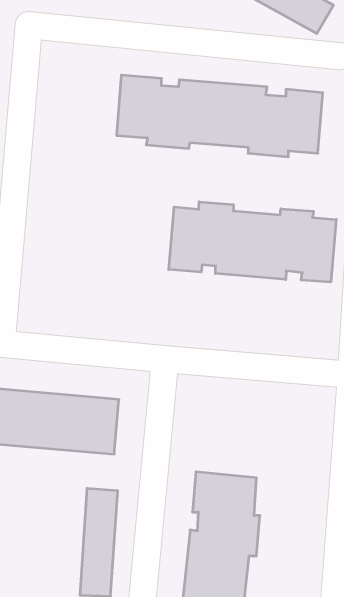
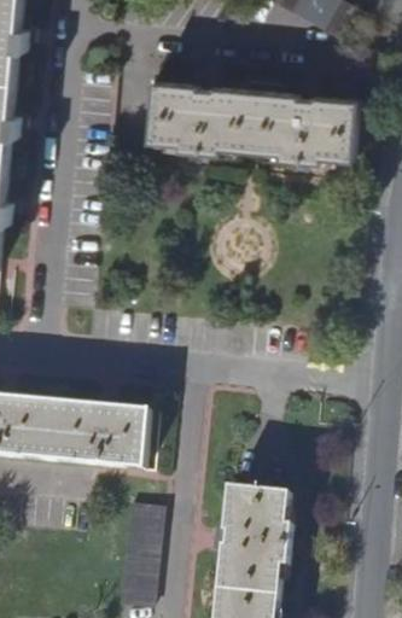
building: [169,202,336,282] -> none

